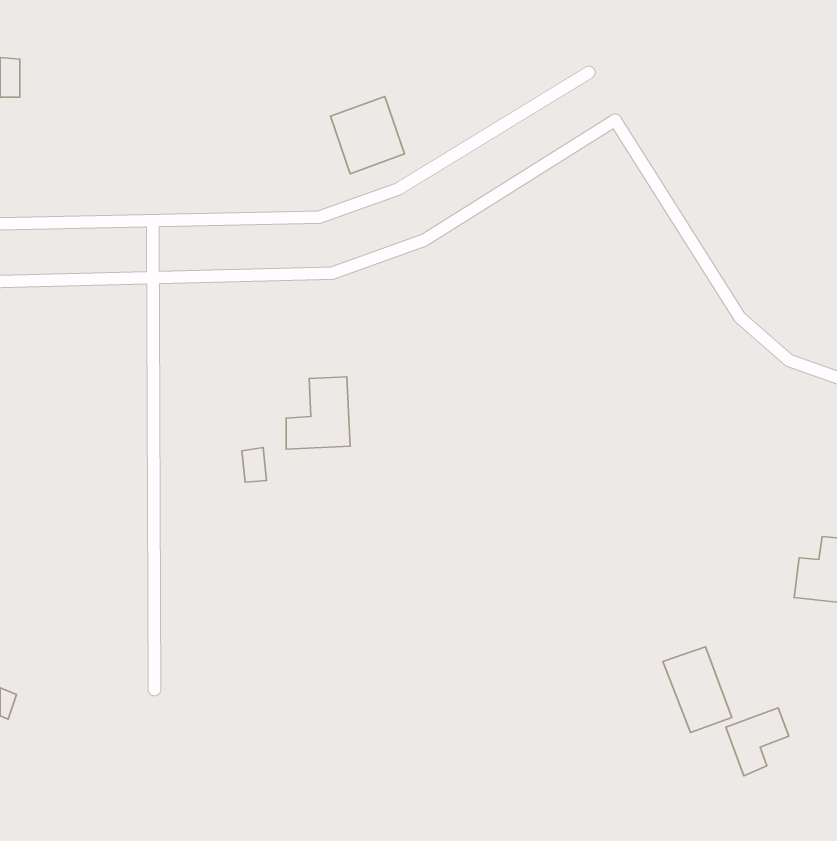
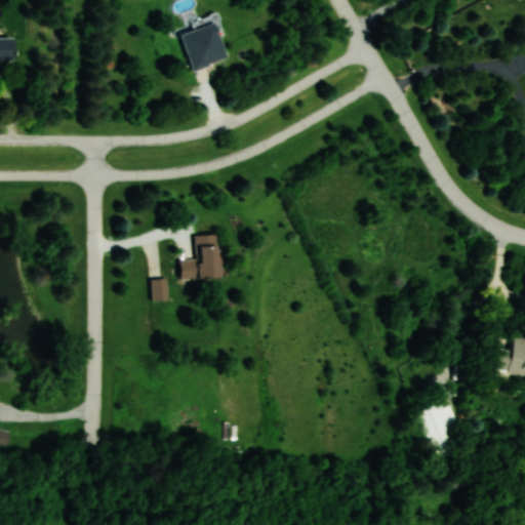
building: [330,96,404,174] -> [181,23,228,71]
building: [726,708,789,776] -> none

